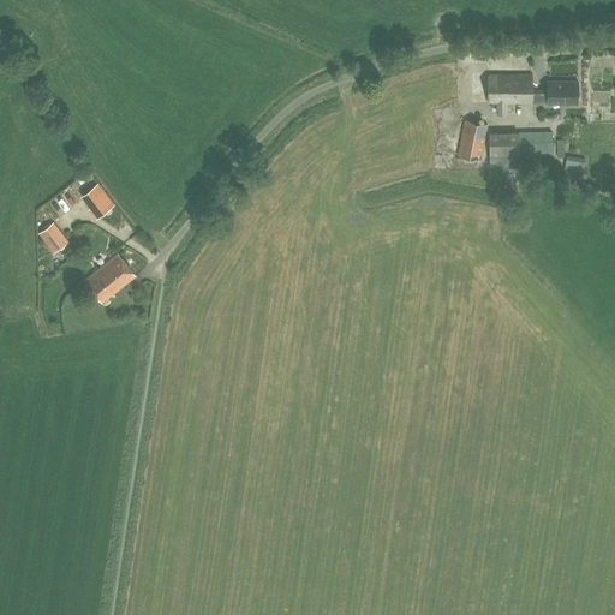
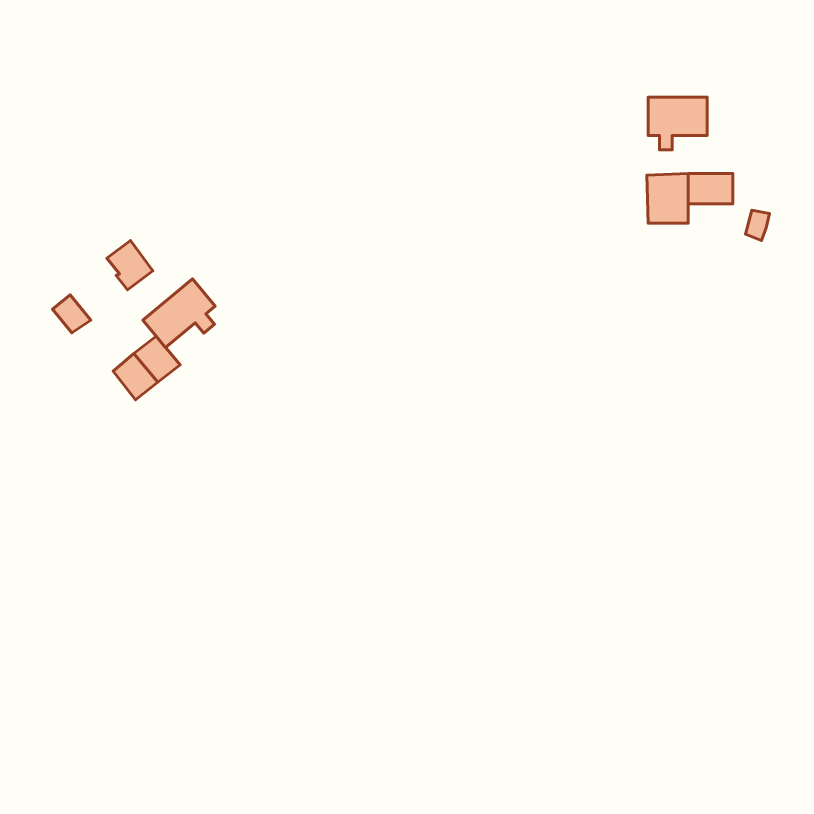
building: [533,80,578,103] -> none
building: [458,119,488,160] -> none
building: none -> [143,279,215,348]

